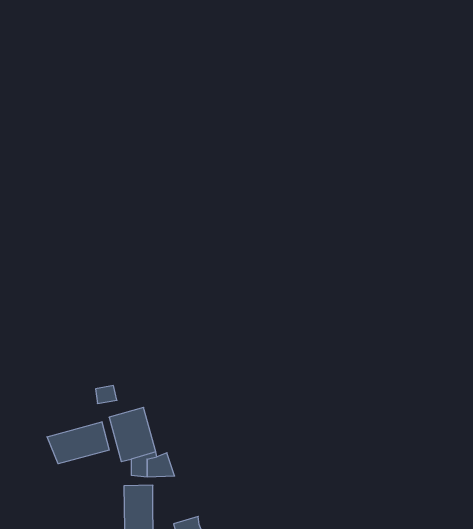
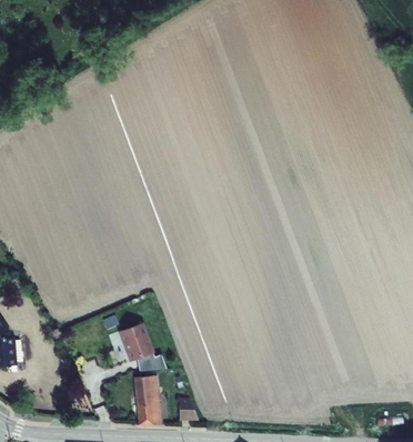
building: [47,422,109,464] -> none

